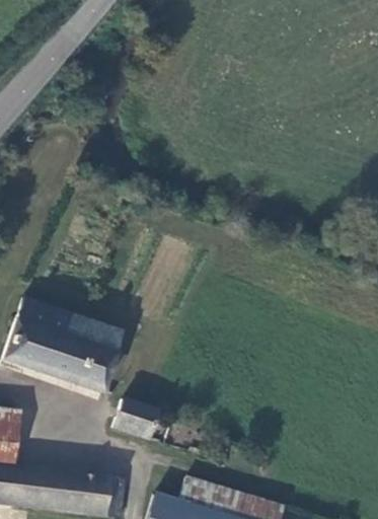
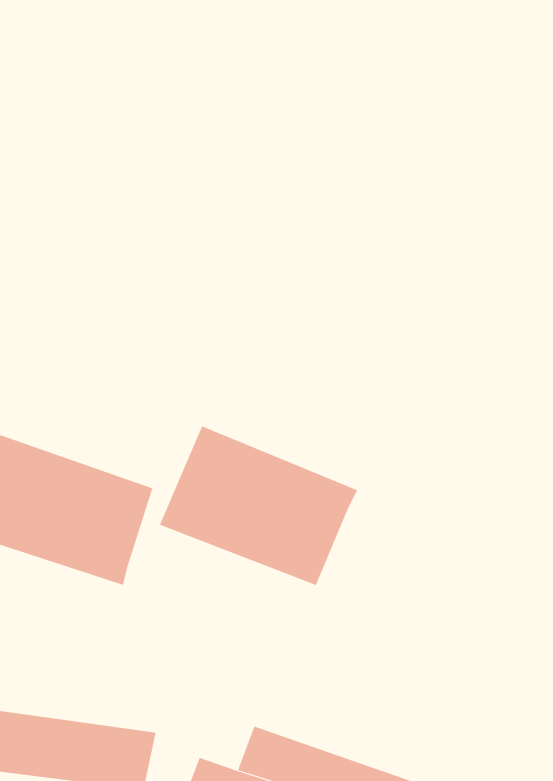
building: none -> [159,425,358,586]
building: [110,399,156,442] -> none

